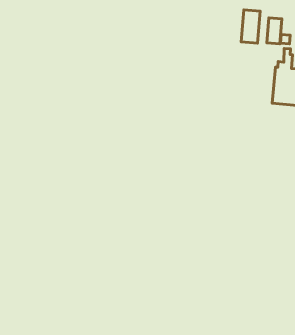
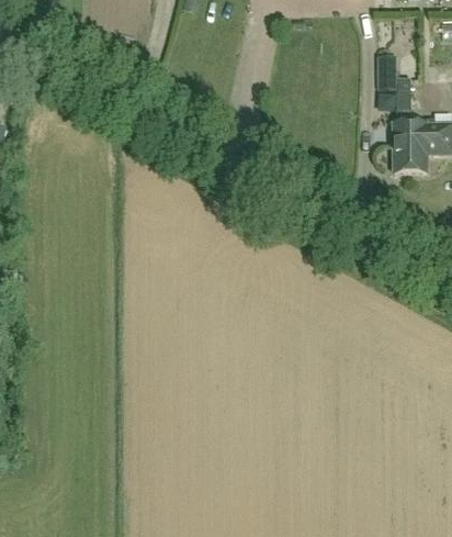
building: [241,10,260,43] -> none

